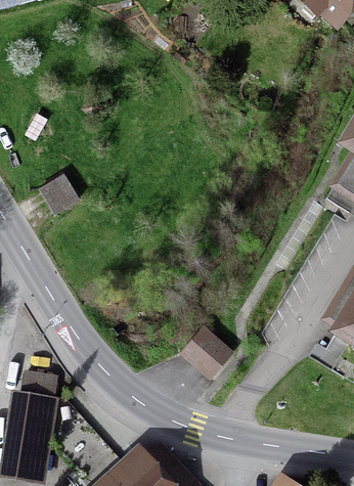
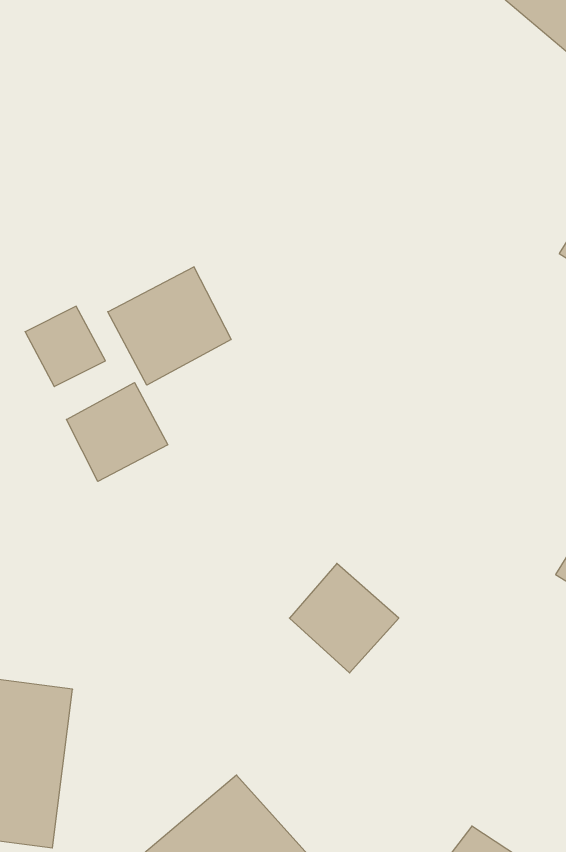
building: none -> [108,267,231,385]
building: none -> [66,383,168,481]

